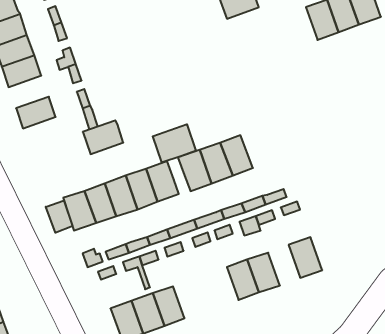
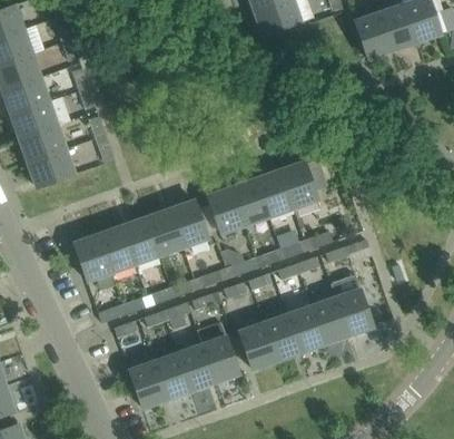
building: none -> [11,100,58,138]
building: [83,120,123,154] -> [28,148,75,187]
building: [153,124,196,163] -> none
building: none -> [279,160,318,207]
building: [46,200,73,233] -> none
building: none -> [312,296,348,343]
building: none -> [239,322,277,368]
building: none -> [201,335,239,381]

